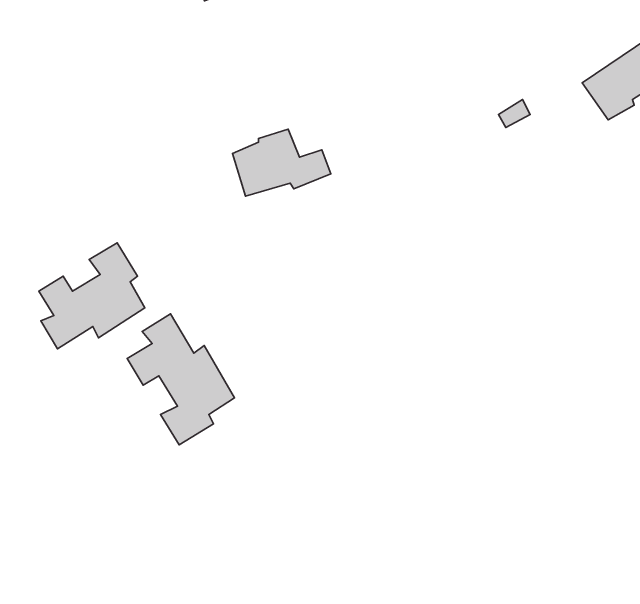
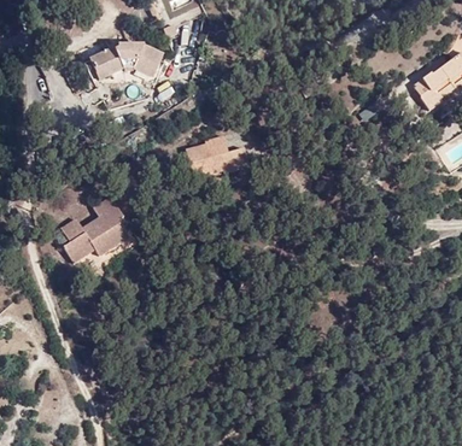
building: none -> [90,43,163,77]
building: [127,314,235,445] -> none

